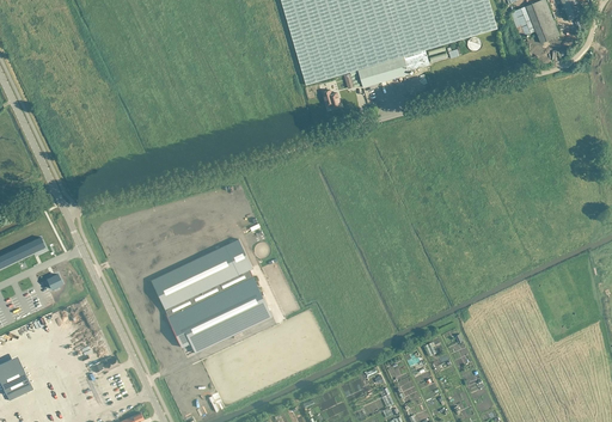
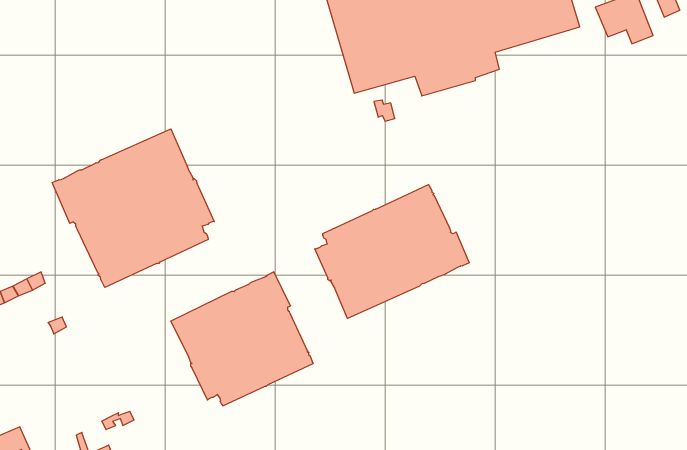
building: none -> [52,129,214,287]
building: none -> [315,185,469,318]

